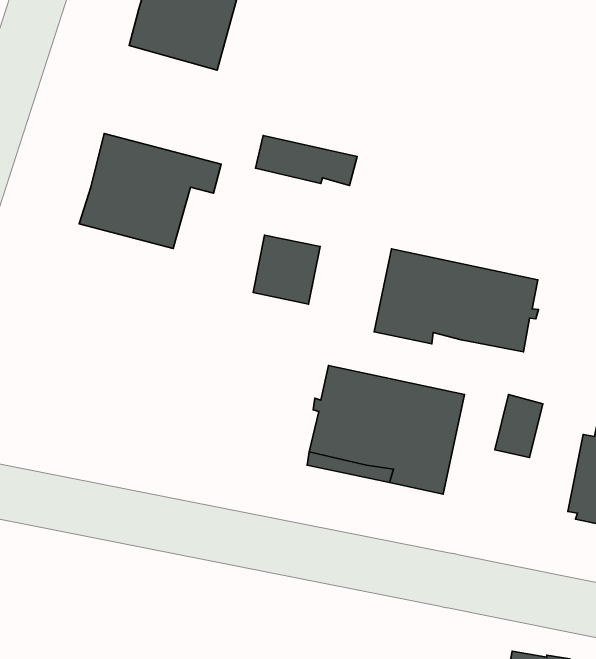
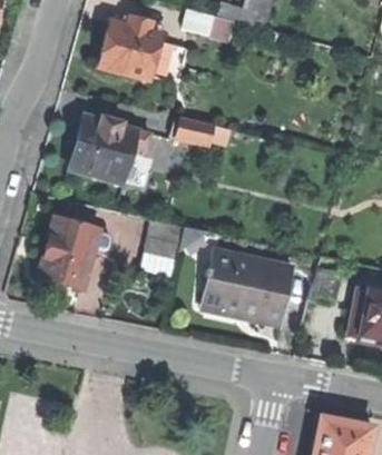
building: [253,235,320,304] -> [145,218,184,258]
building: [374,249,539,352] -> none
building: none -> [39,217,98,288]

